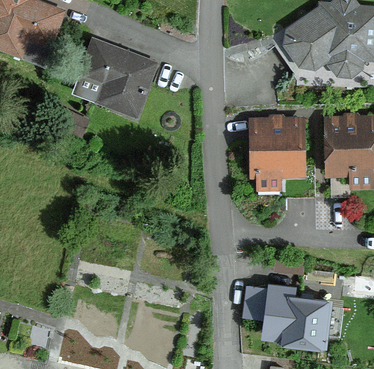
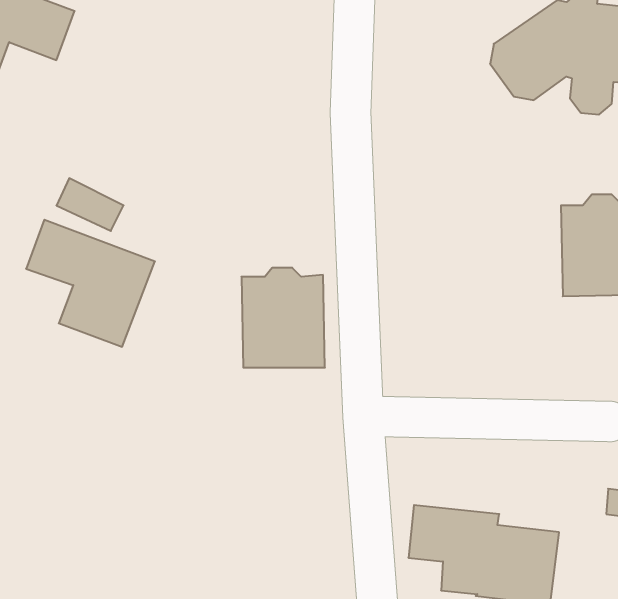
building: [83,45,154,115] -> [26,220,155,347]
building: [254,119,300,174] -> [241,268,325,368]

